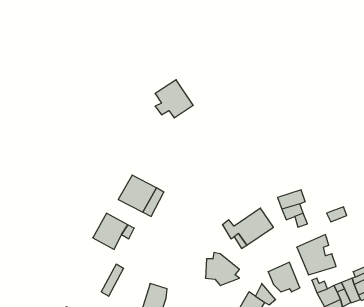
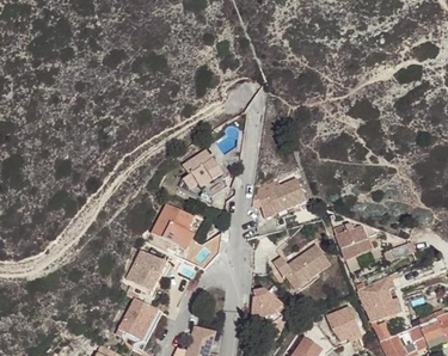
building: [155,80,193,118] -> [180,149,223,192]
building: none -> [253,178,306,215]
building: none -> [117,297,153,338]

